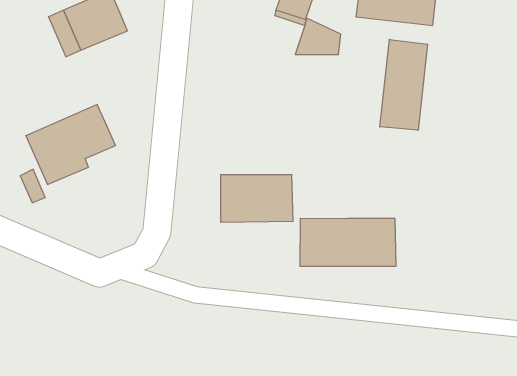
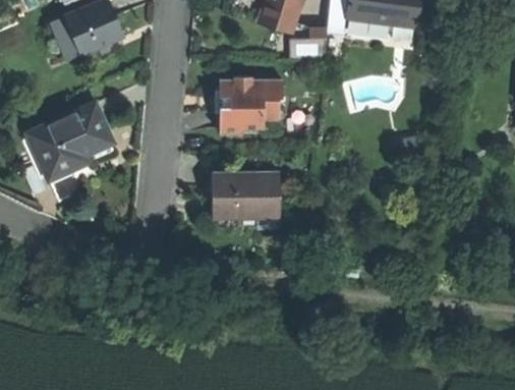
building: [380,39,428,130] -> none
building: none -> [215,74,281,131]
building: [300,218,396,266] -> none

